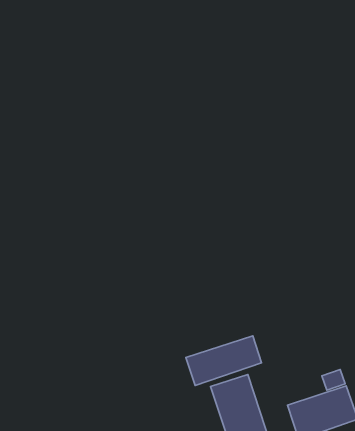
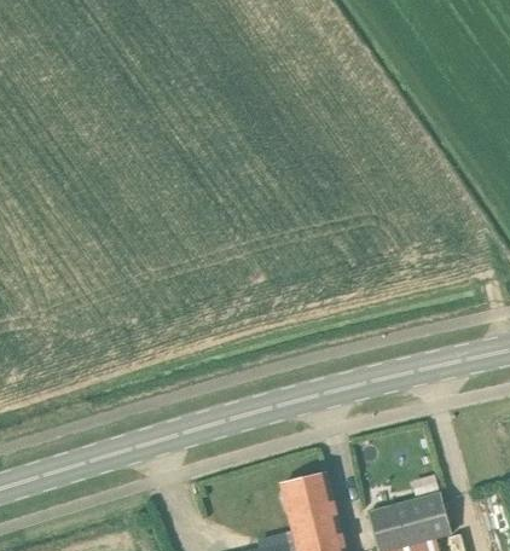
building: [186,336,261,386] -> none

